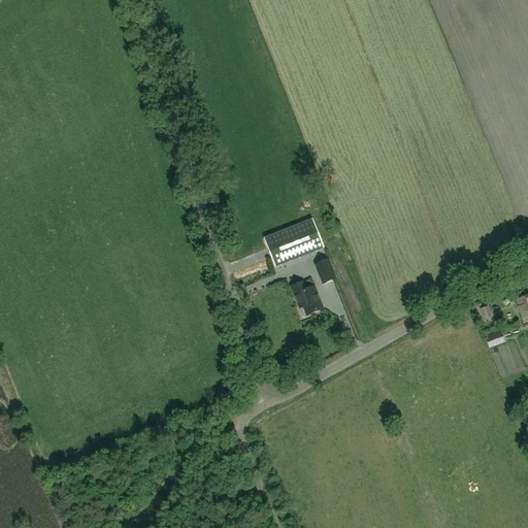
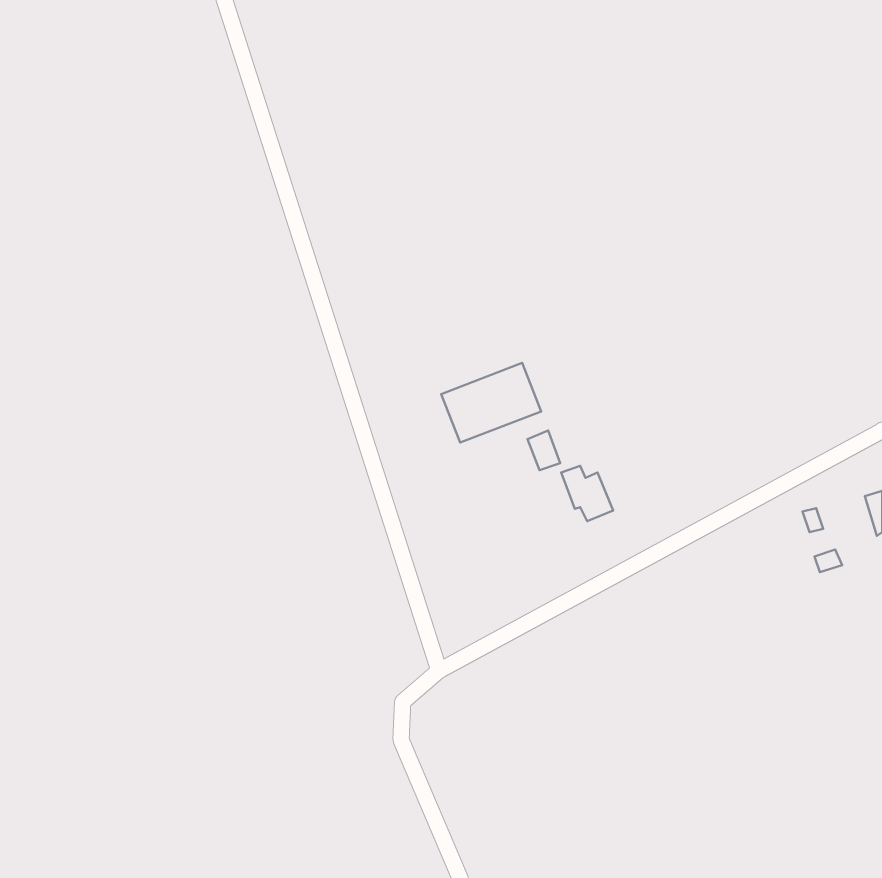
building: [291,279,322,312] -> [561,466,613,521]

